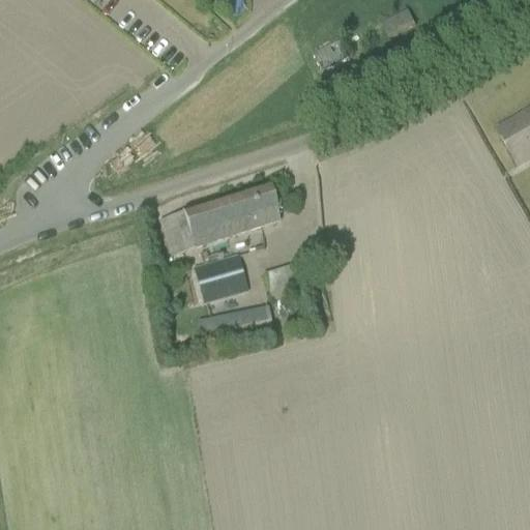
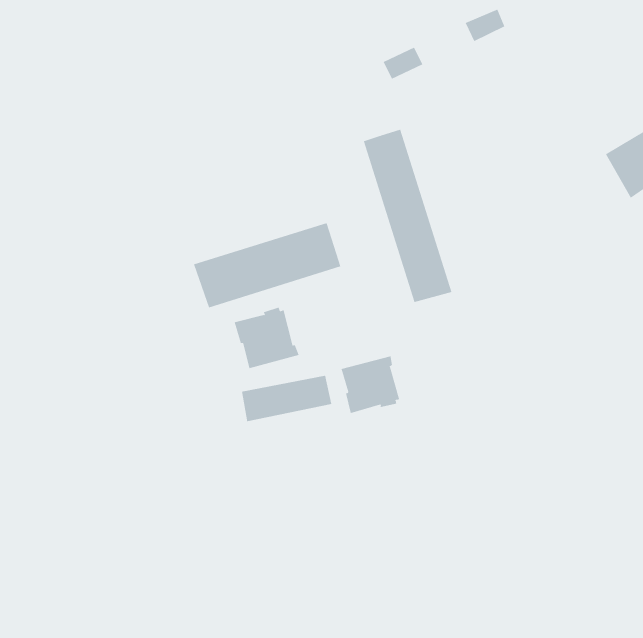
building: none -> [363,129,452,303]
building: none -> [341,356,400,414]

